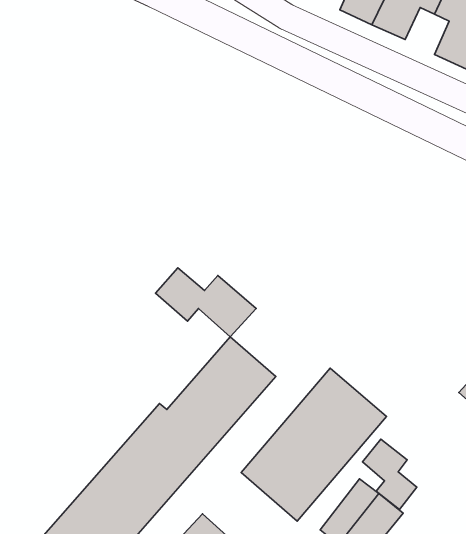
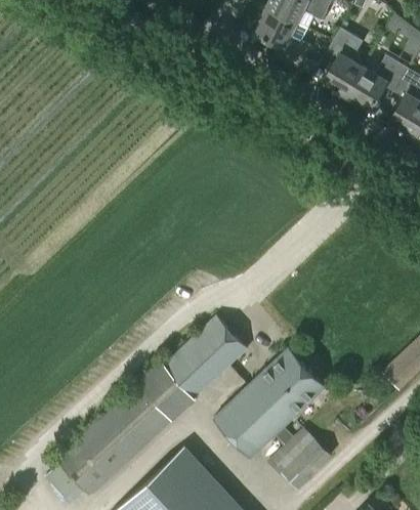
building: [156,268,256,337] -> none
building: [362,439,417,510] -> none

